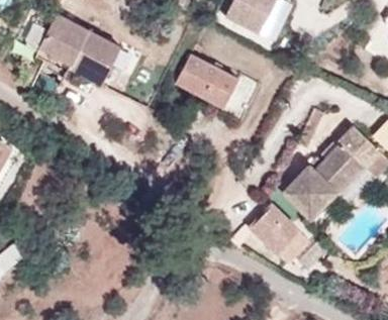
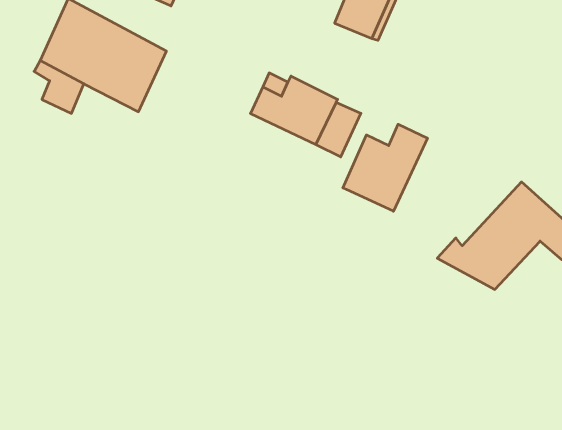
building: none -> [343,124,427,211]
building: [280,176,333,221] -> none
building: [258,215,323,281] -> none

